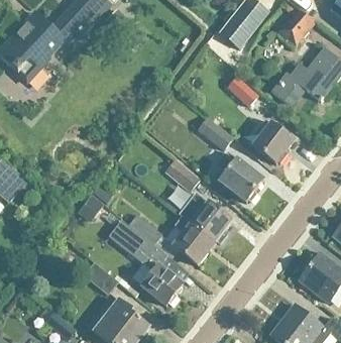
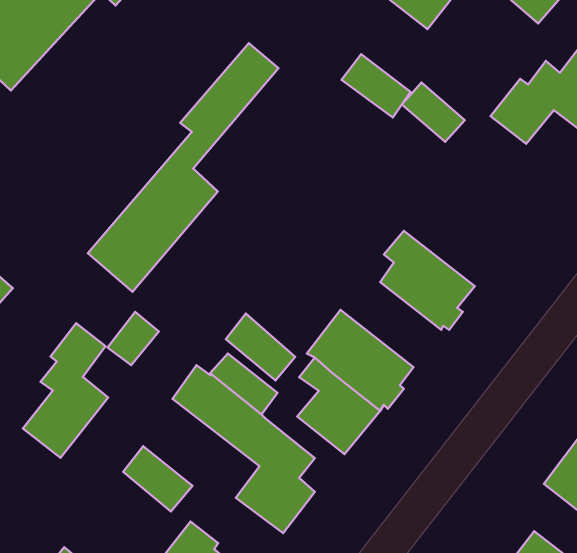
building: none -> [88,43,279,292]
building: [198,117,233,149] -> [341,54,410,117]
building: [253,120,294,163] -> none
building: [165,158,201,193] -> [226,313,295,381]
building: none -> [23,323,108,458]

